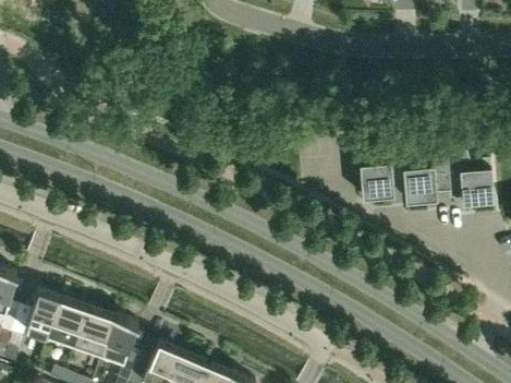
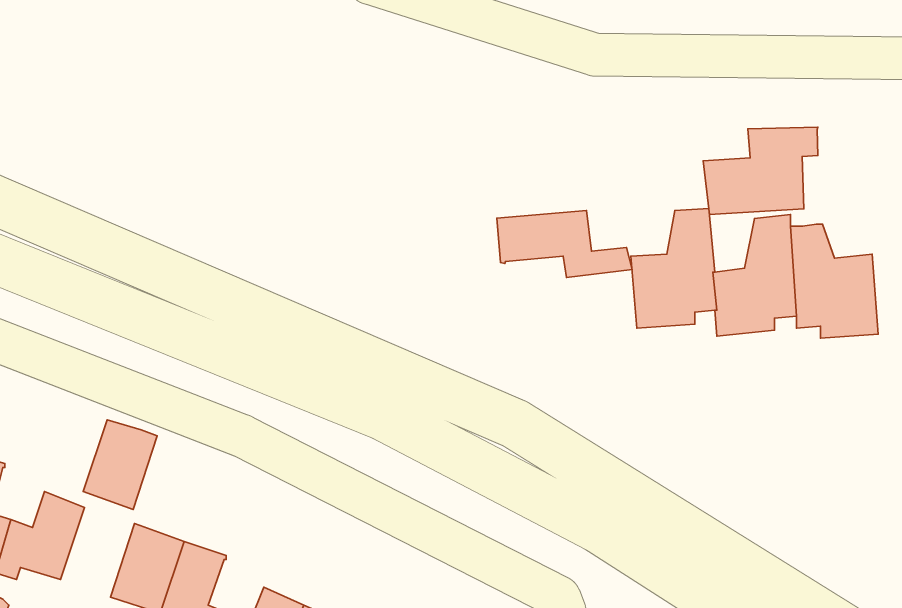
building: none -> [703,127,818,214]
building: none -> [497,211,632,278]
building: [47,297,87,346] -> [83,420,157,510]

